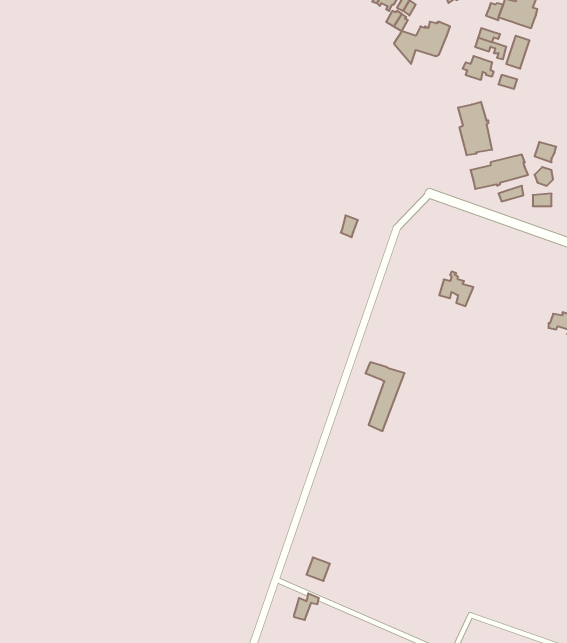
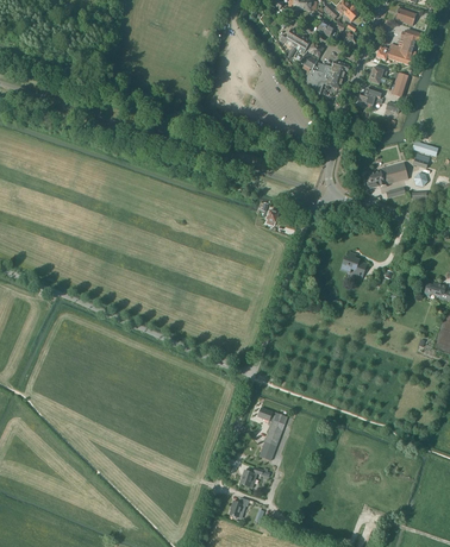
building: [458,102,492,155] -> none
building: [365,362,405,431] -> [257,407,287,459]

